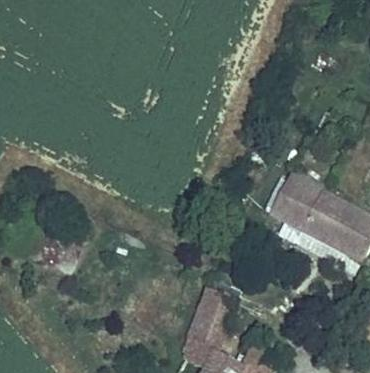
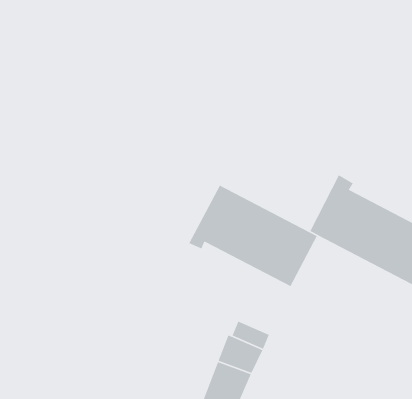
building: none -> [188,185,318,287]

